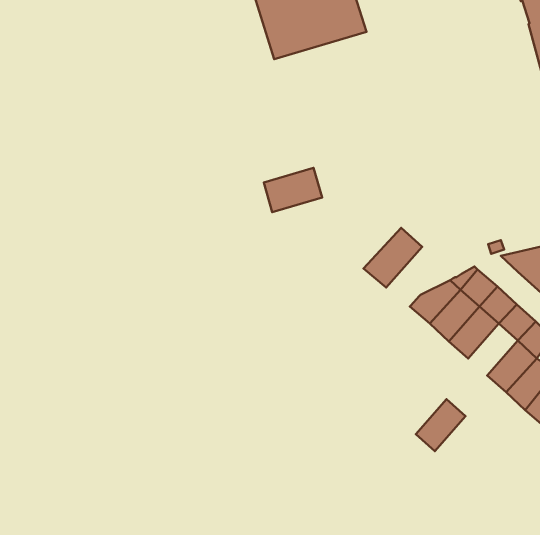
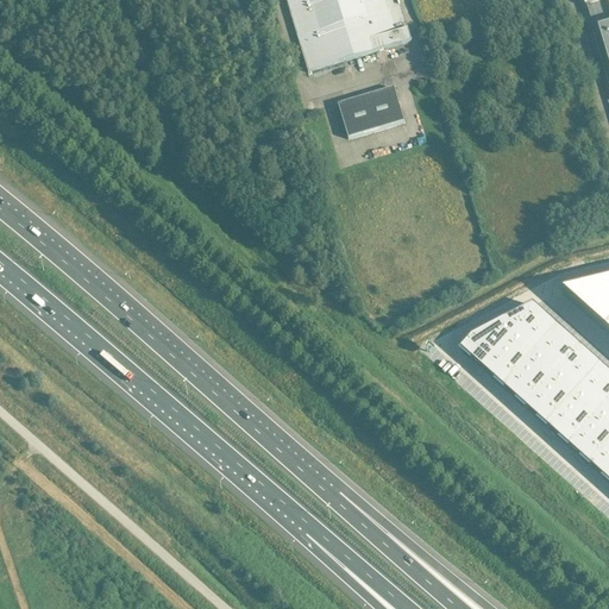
building: [264,168,322,212] -> [340,83,406,133]
building: [364,228,422,288] -> none
building: [416,399,466,451] -> [527,364,583,422]

